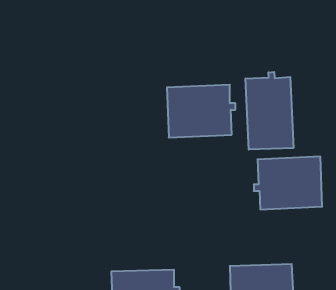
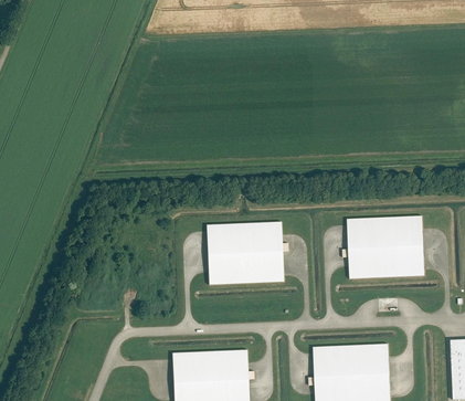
building: [246,72,293,150] -> none
building: [167,85,235,138] -> [207,221,288,284]

